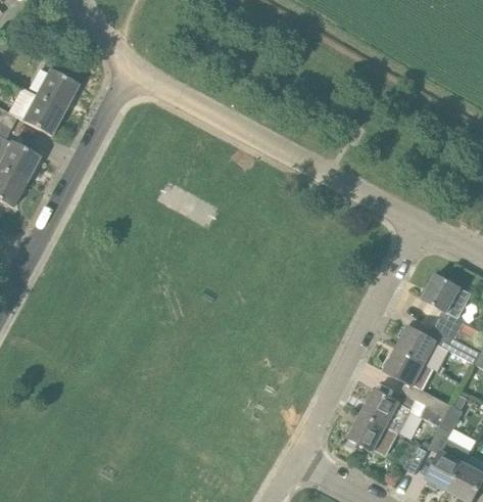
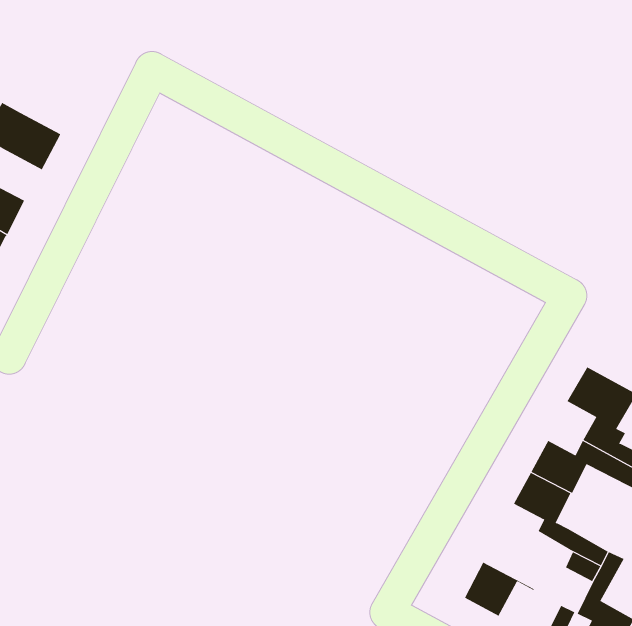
building: [36,70,78,109] -> none
building: [363,389,412,431] -> none

